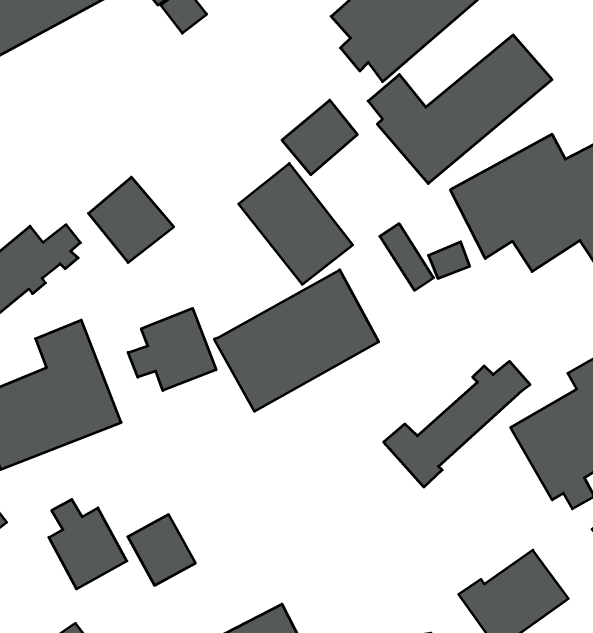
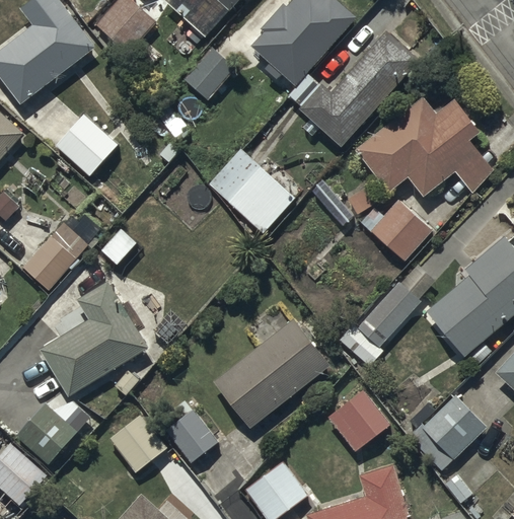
building: [282,100,357,175] -> [182,46,235,100]
building: [88,177,174,263] -> [58,108,120,169]
building: none -> [361,201,431,261]
building: [214,270,379,411] -> [212,320,328,430]
building: [128,308,216,391] -> none
building: none -> [329,391,390,452]

